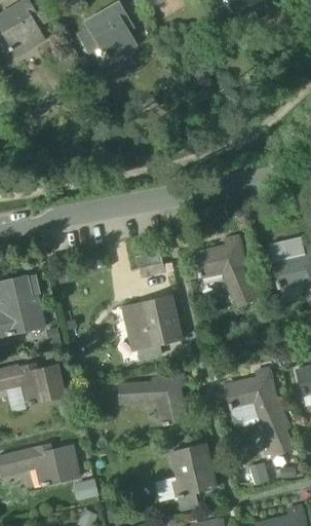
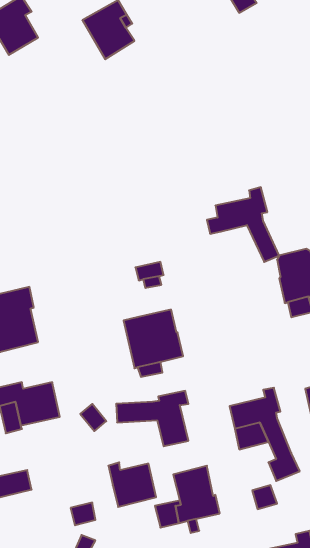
building: [187,235,256,306] -> [207,187,279,262]
building: [34,444,79,486] -> [108,462,156,507]

